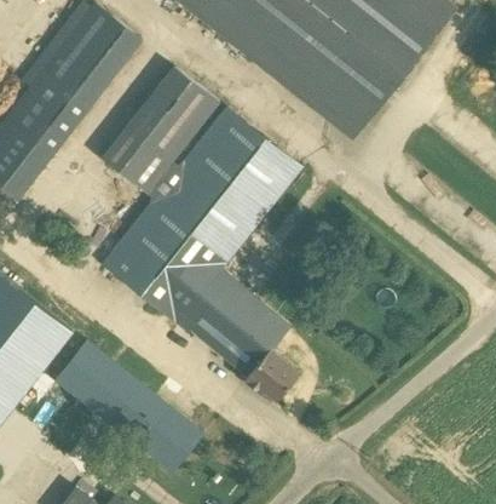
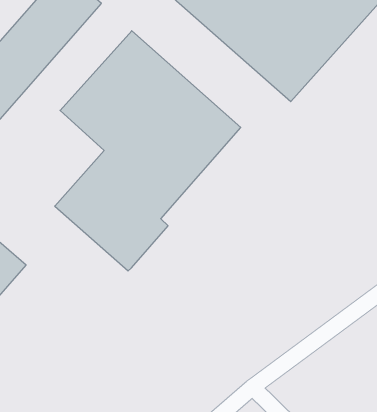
building: [190,279,298,399] -> none
building: [56,340,203,474] -> none

